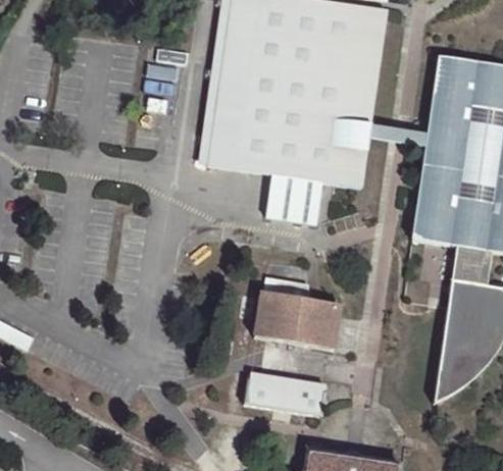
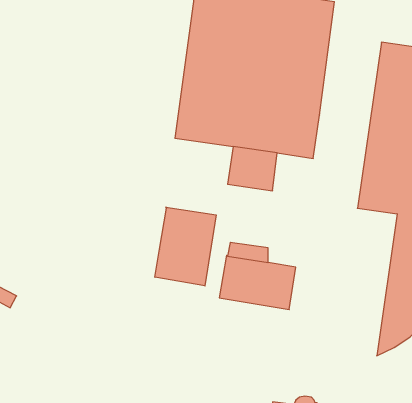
building: none -> [155,207,216,286]
building: [248,373,332,416] -> none

